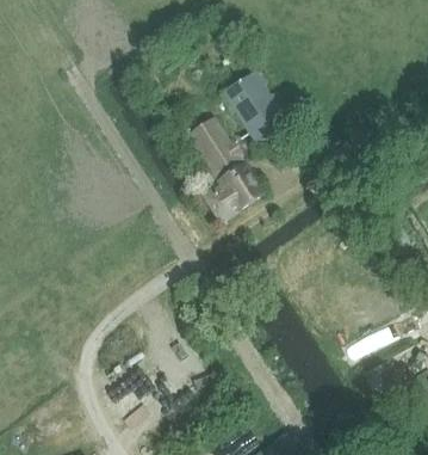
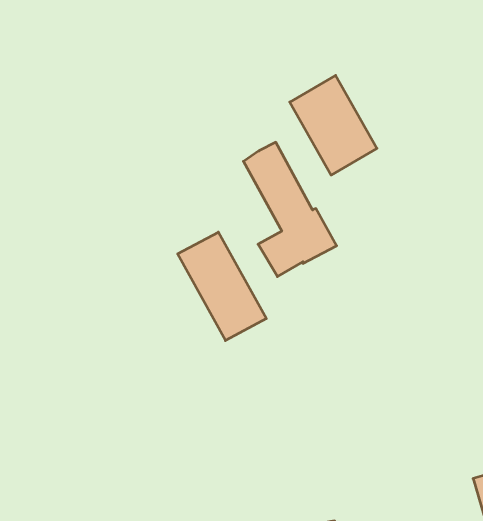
building: none -> [178,232,266,341]

